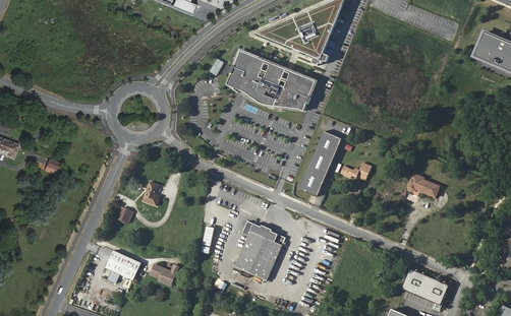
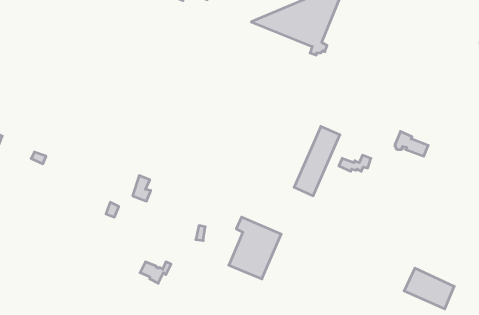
building: [227,53,315,111] -> none
building: [408,172,440,195] -> [395,131,428,156]
building: [107,249,143,279] -> none

